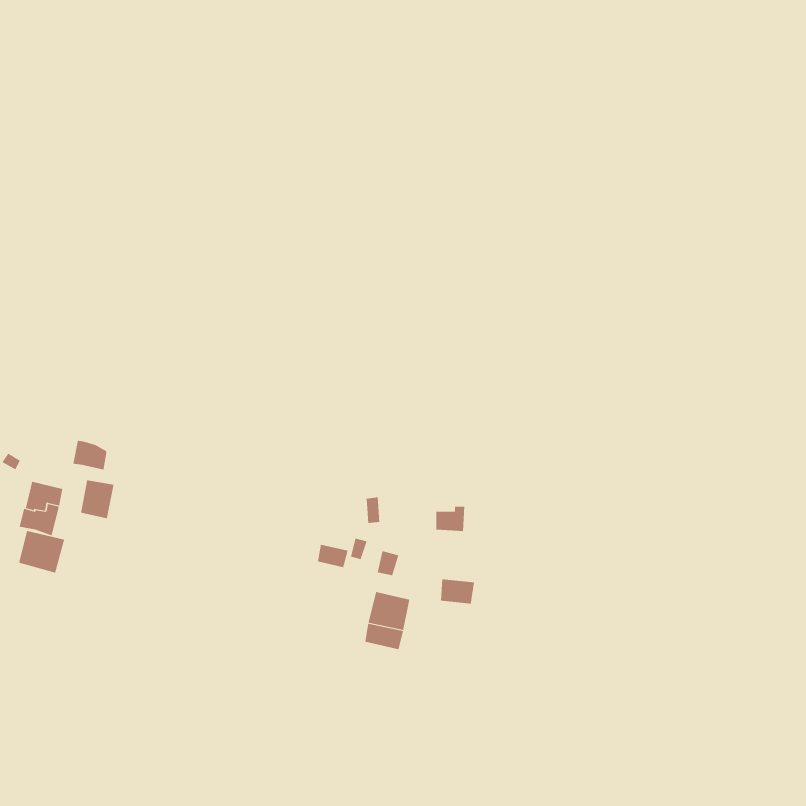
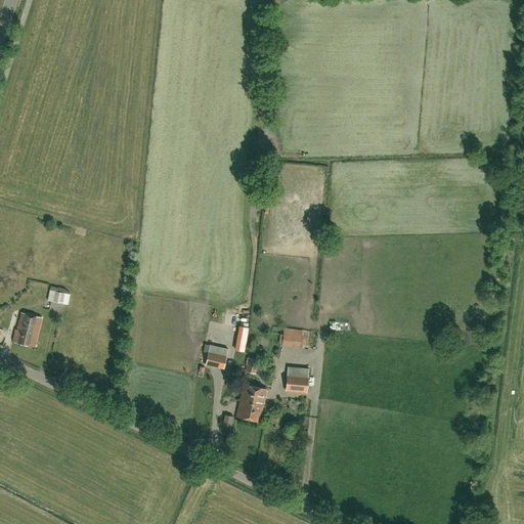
building: [81,480,114,519] -> none
building: [19,530,65,574] -> none

